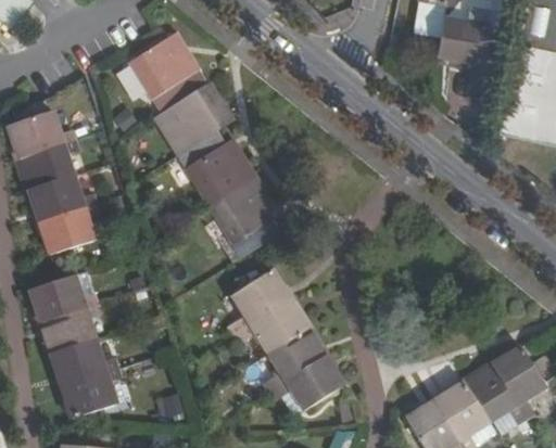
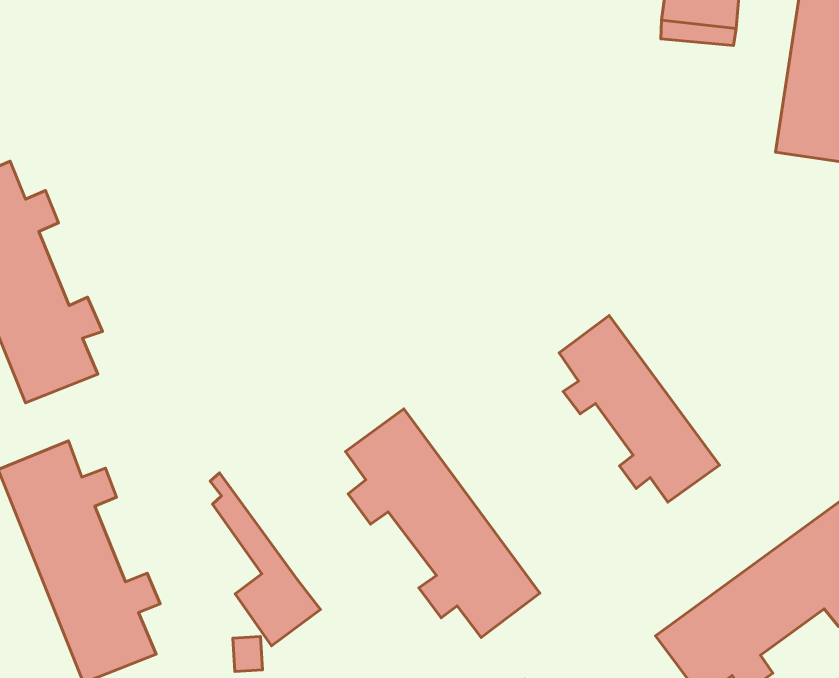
building: [128,37,279,254] -> none
building: none -> [559,315,719,502]
building: none -> [210,473,320,646]

